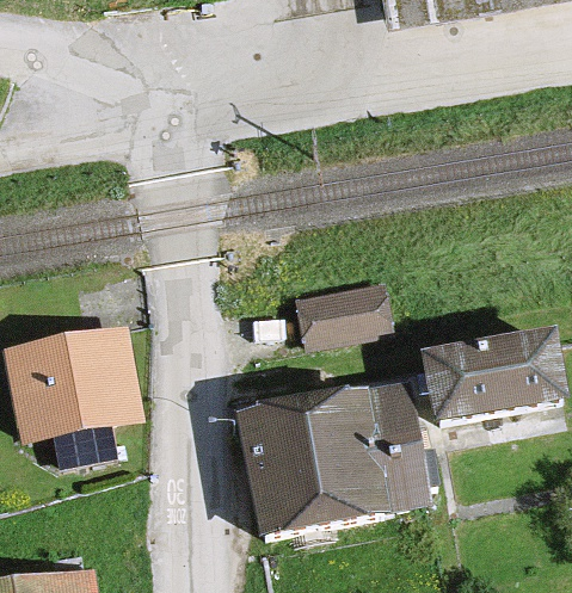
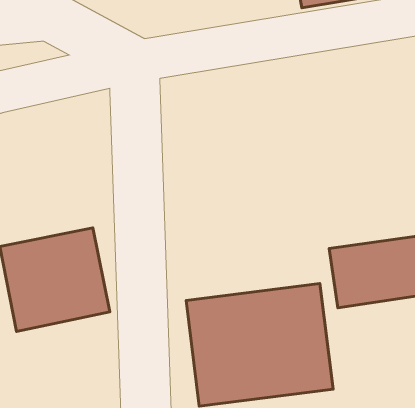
building: [291,279,398,348] -> none

